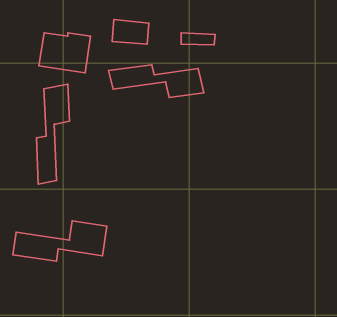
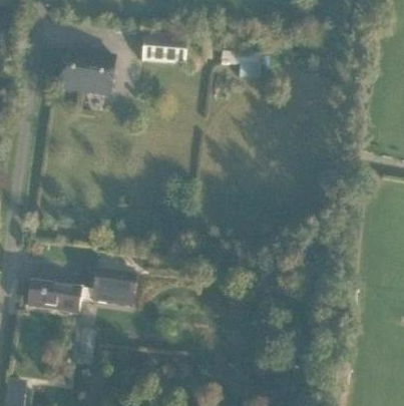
building: [108,65,204,98] -> none
building: [36,84,69,184] -> none

